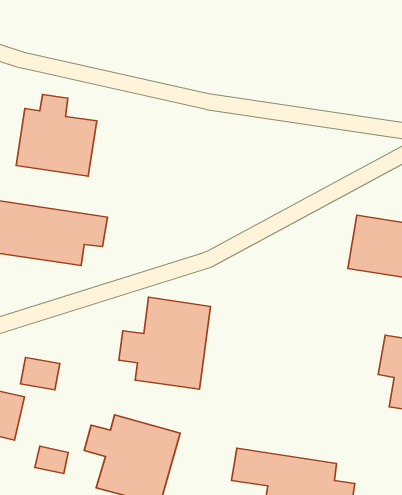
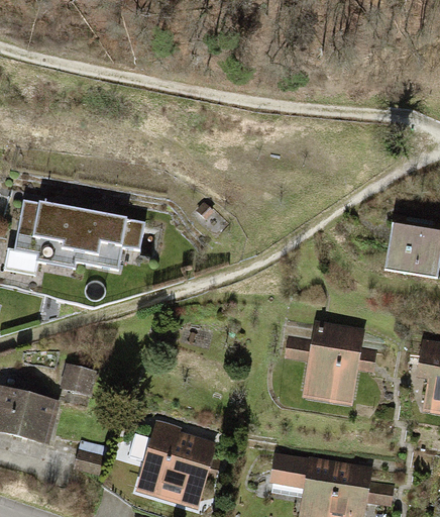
building: [16,94,97,176] -> none
building: [119,297,211,389] -> none
building: none -> [281,320,363,406]

